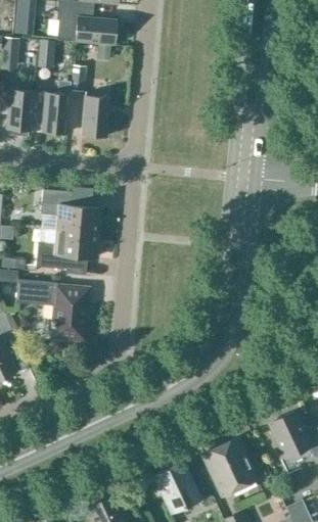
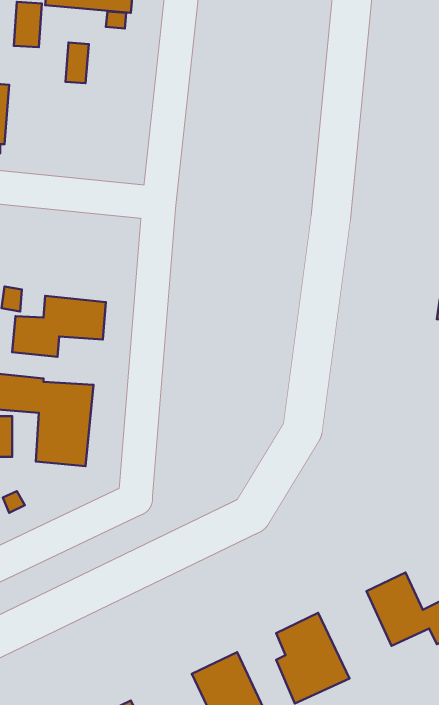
building: [42,92,71,133] -> none
building: [82,95,110,136] -> none
building: [41,189,100,233] -> none

